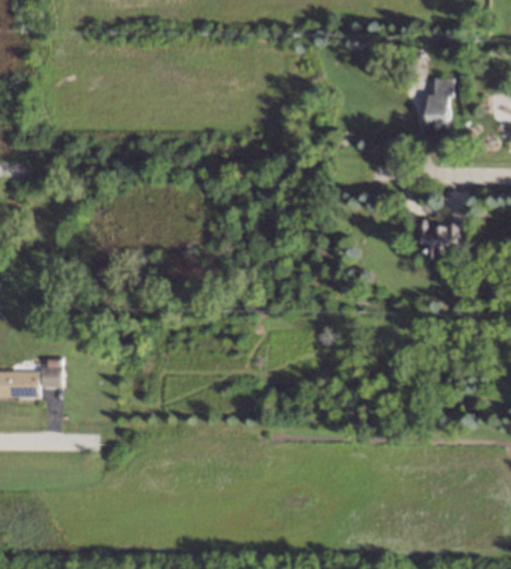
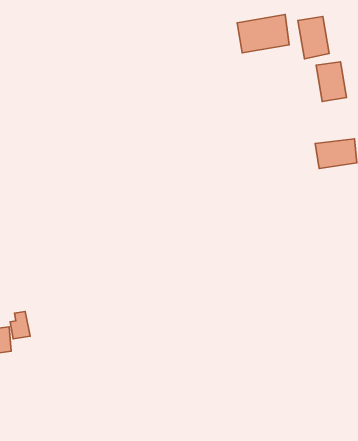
building: none -> [237,15,289,53]
building: none -> [316,62,347,102]

